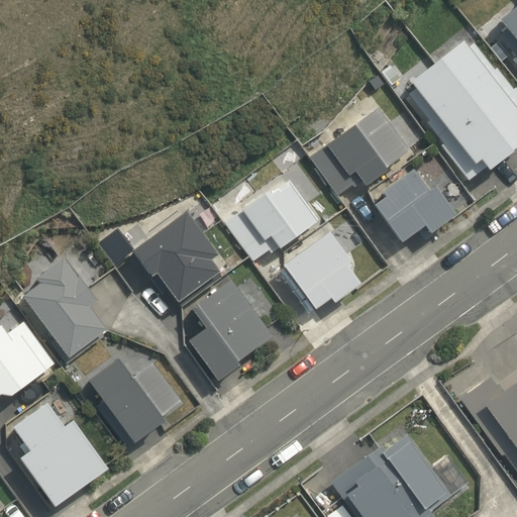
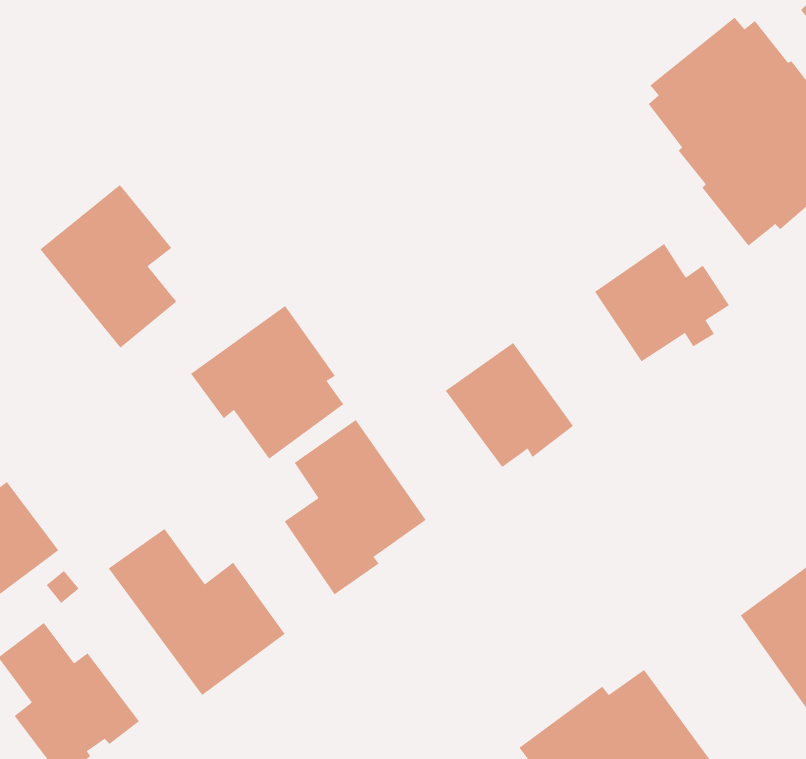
building: [313,108,406,192] -> none
building: [227,184,319,253] -> none
building: [23,260,106,358] -> [40,184,177,348]

